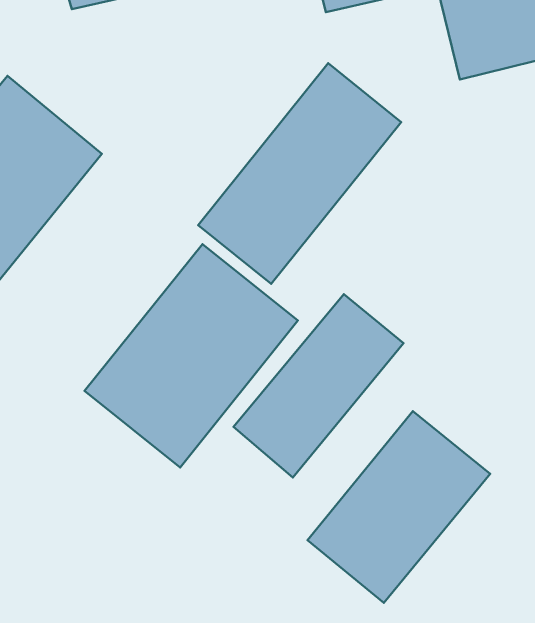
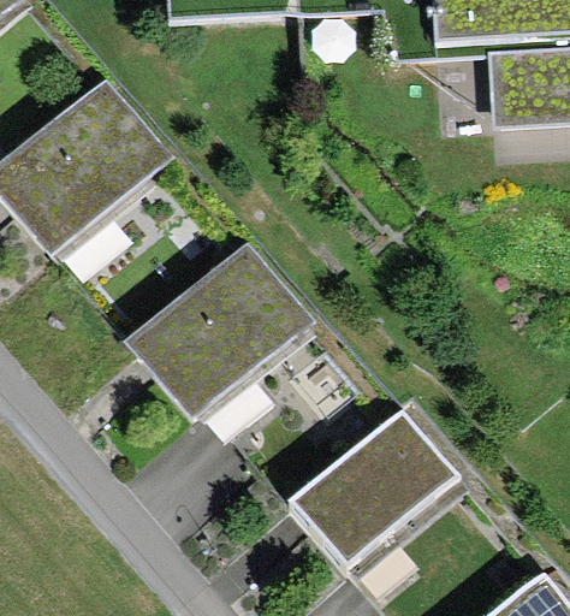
building: [198,63,401,284] -> none
building: [234,294,403,477] -> none

